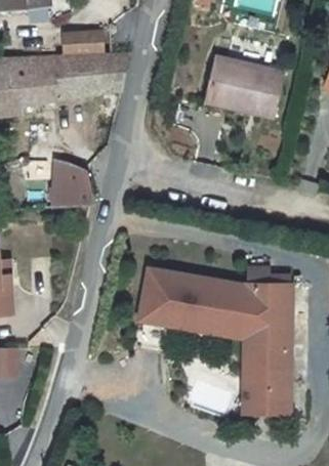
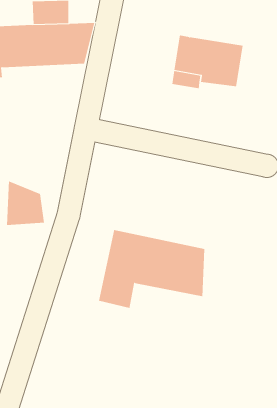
building: [50,158,91,206] -> [6,180,45,226]
building: [242,290,291,415] -> none

